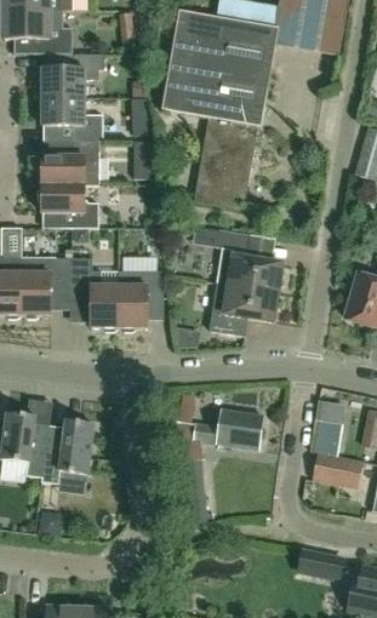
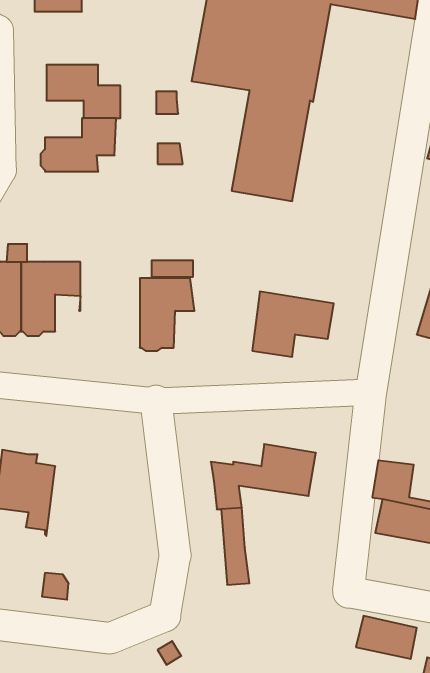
building: [35,52,102,96] -> none
building: [36,183,97,227] -> none
building: [215,229,280,291] -> none
building: [69,257,118,330] -> none
building: [41,419,93,482] -> none

